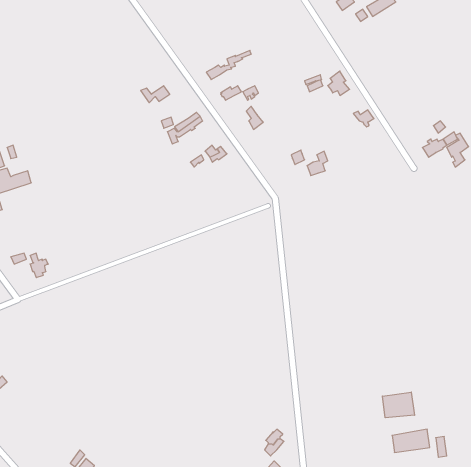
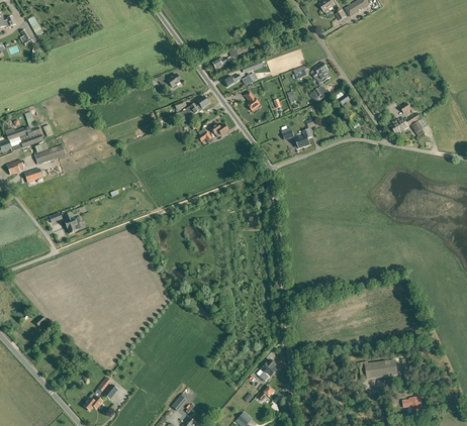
building: [382,392,415,418] -> none

